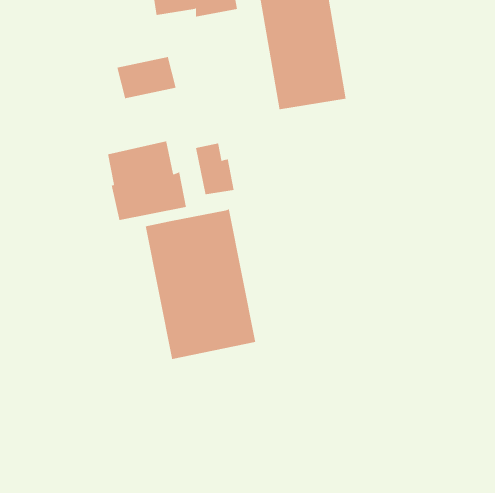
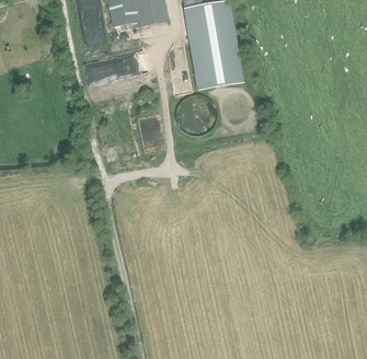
building: [107,141,186,221] -> none
building: [145,209,256,360] -> none

